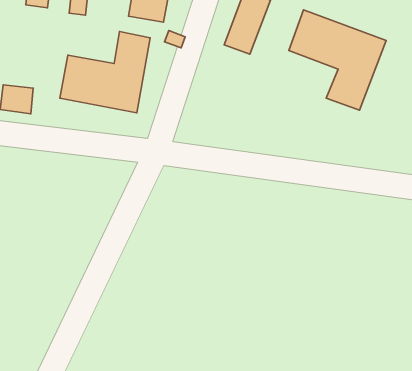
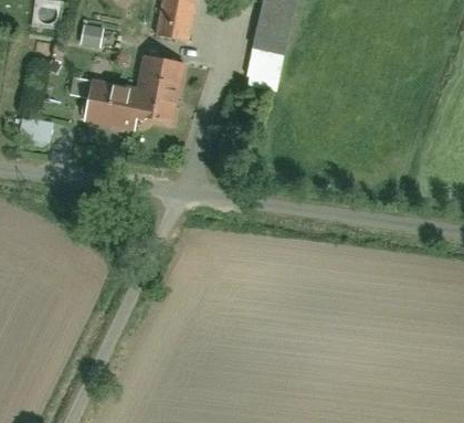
building: [289,10,386,110] -> none

